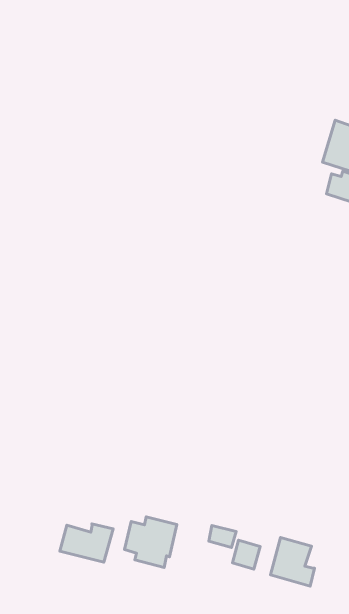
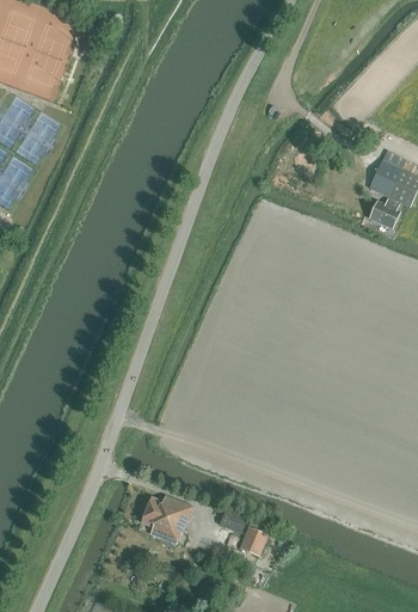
building: [60,524,113,562] -> none
building: [270,538,315,586] -> none

